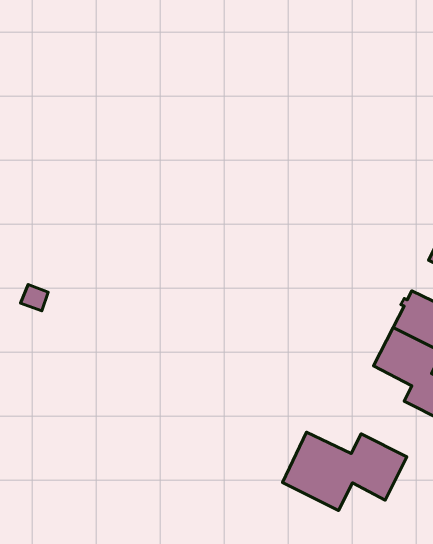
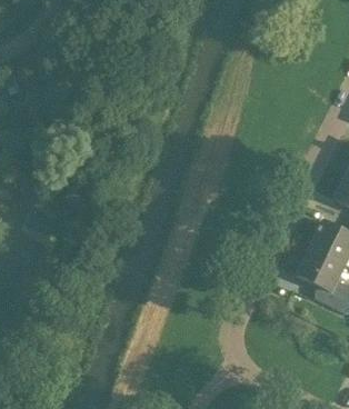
building: [282,432,407,511] -> none

